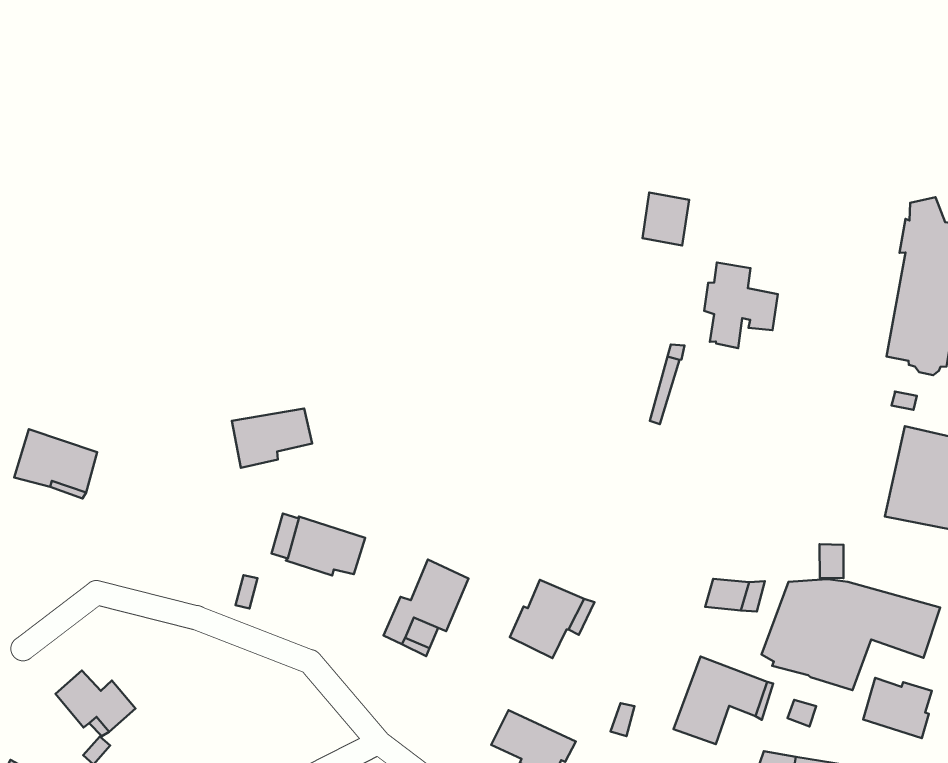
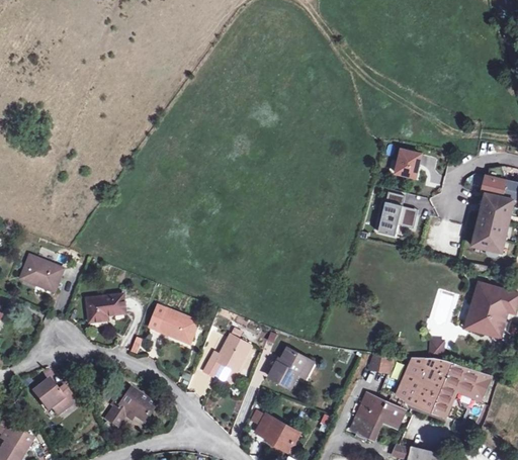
building: [642,192,689,246] -> [395,150,420,178]
building: [232,408,312,468] -> [85,294,125,323]
building: none -> [105,388,154,427]
building: [863,678,932,738] -> none

